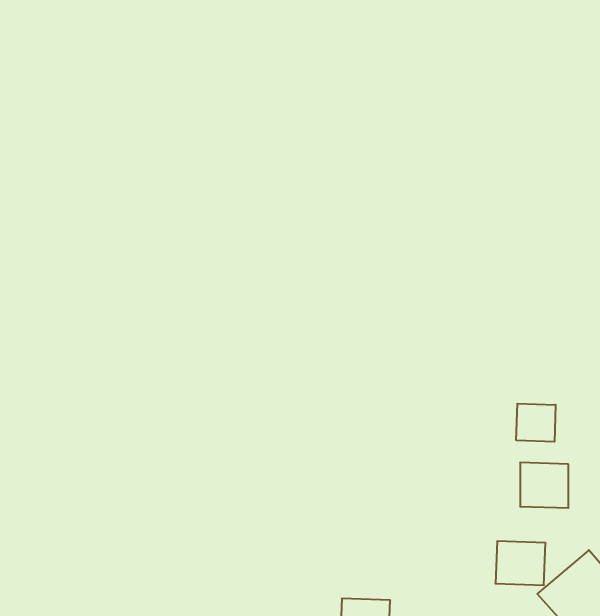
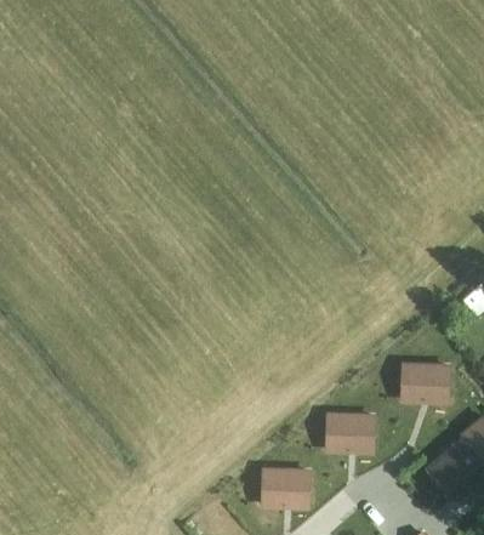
building: [516,404,556,442] -> none
building: [495,541,546,585] -> [336,416,375,450]

